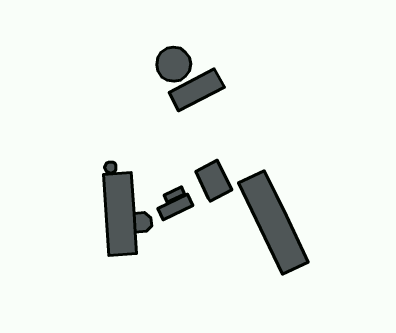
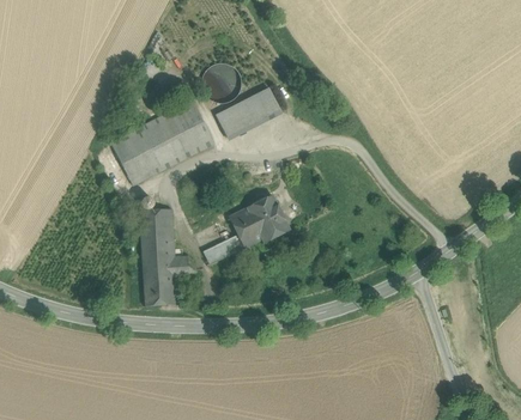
building: none -> [110,99,213,184]
building: [238,171,308,274] -> none
building: none -> [229,207,261,246]

